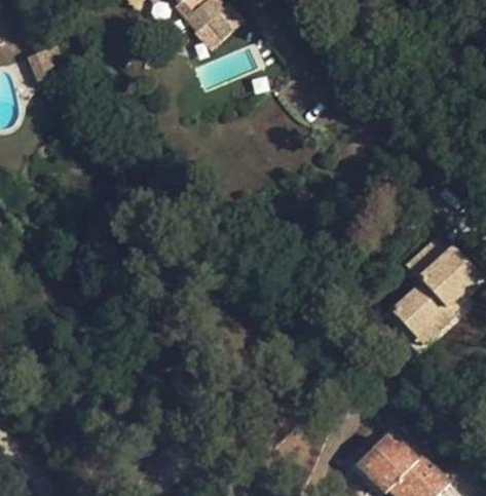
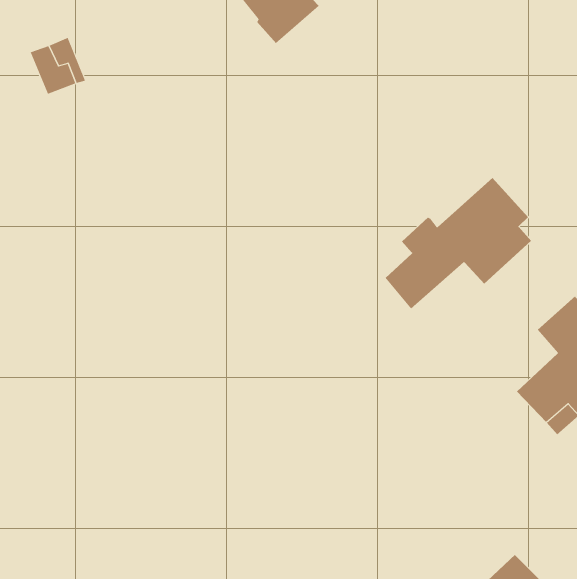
building: none -> [385,177,532,310]

